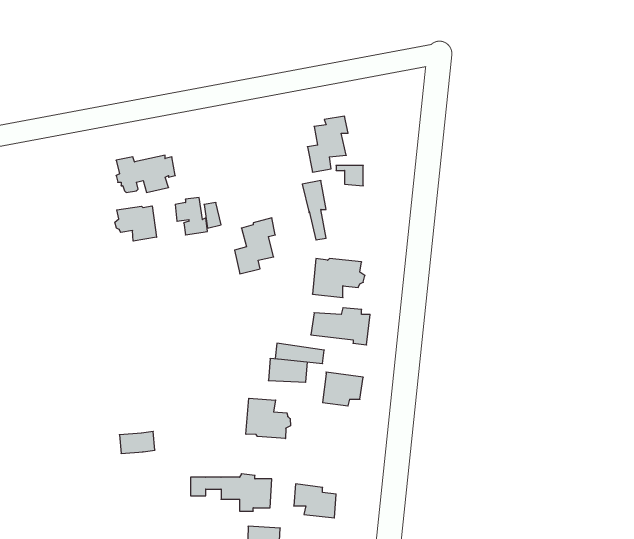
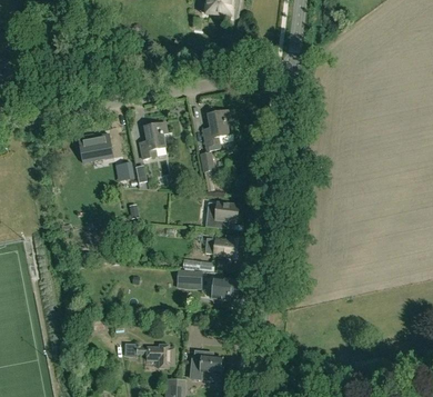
building: [115,206,157,241] -> none
building: [235,218,275,274] -> [139,122,165,159]
building: [246,398,291,439] -> none

